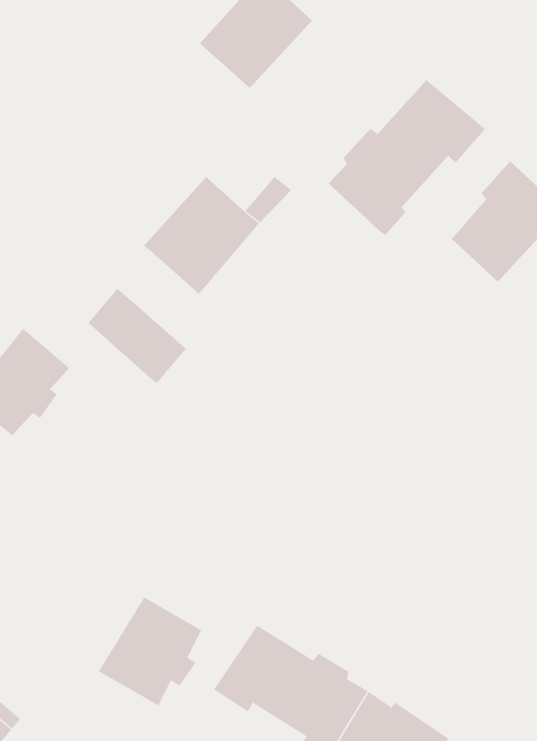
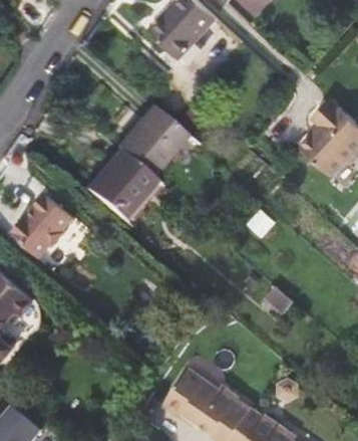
building: [328,79,486,235] -> none
building: none -> [102,154,161,210]
building: [98,597,202,706] -> none

